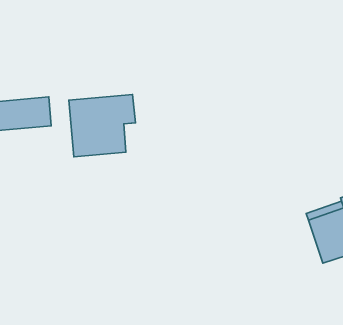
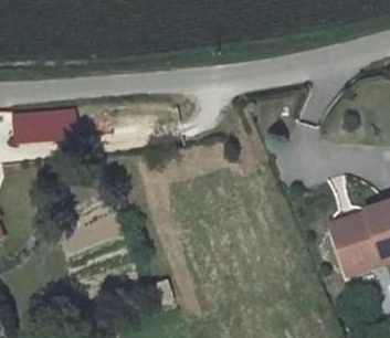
building: [69,95,136,157] -> none

